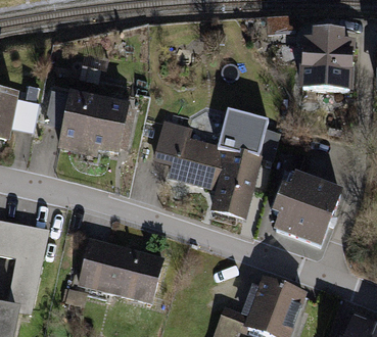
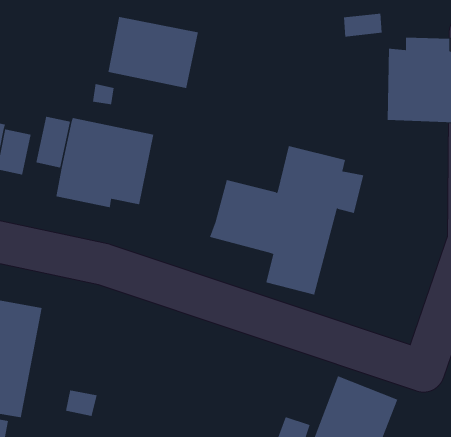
building: none -> [108,16,198,89]
building: [152,117,183,163] -> none
building: [271,170,339,241] -> none
building: [77,236,162,302] -> none

